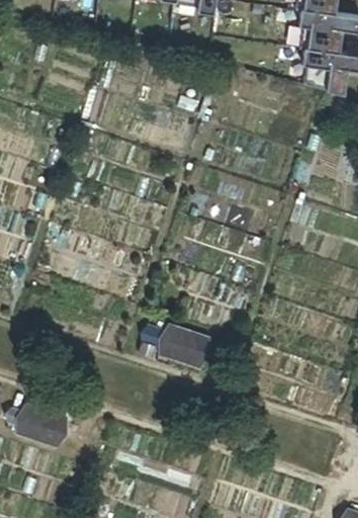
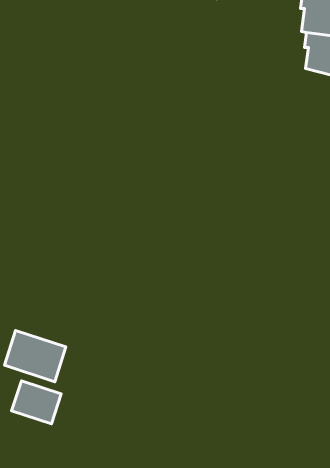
building: [156,323,206,366] -> none
building: none -> [5,331,66,382]

